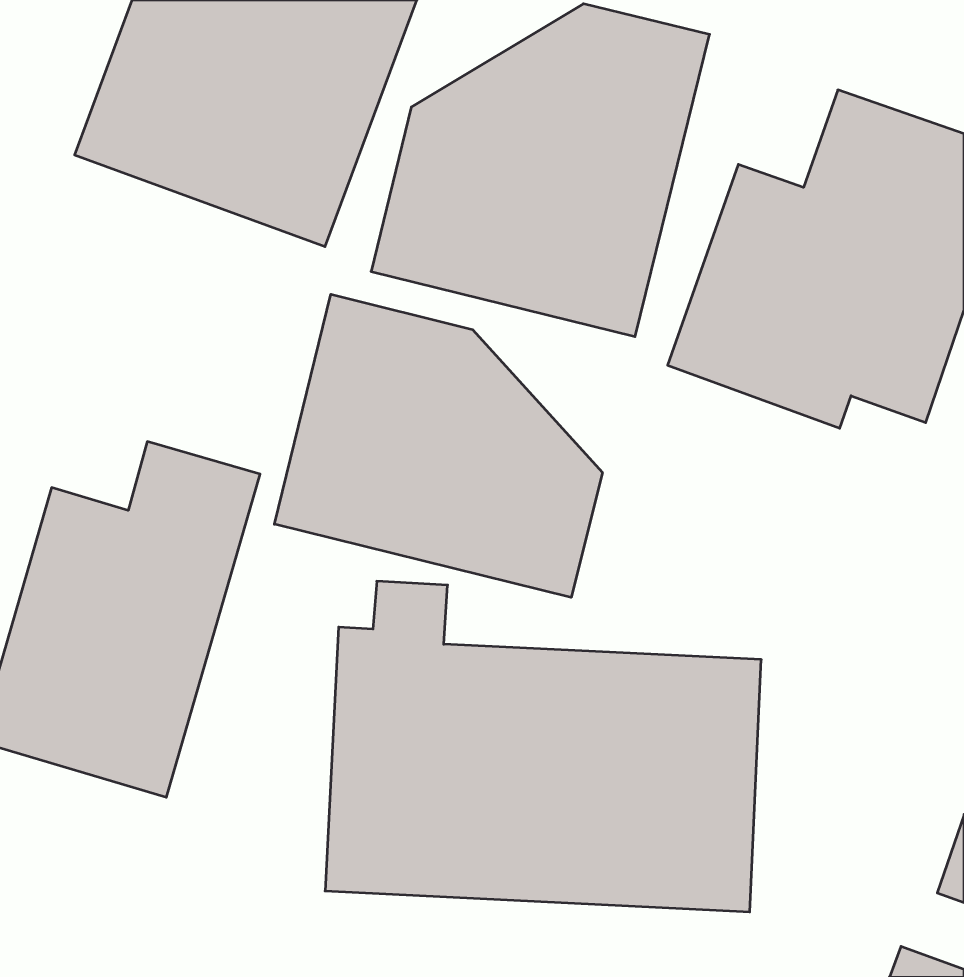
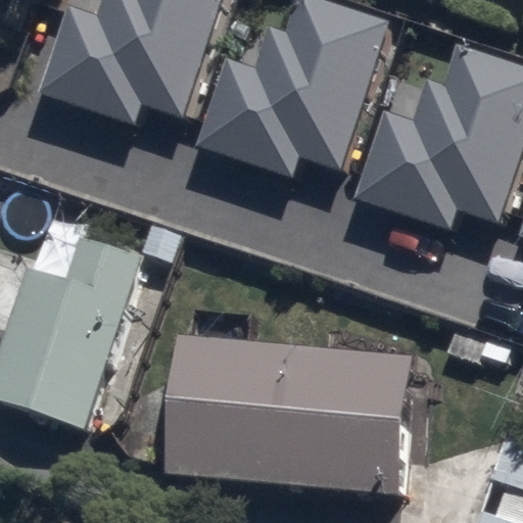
building: [274,294,602,597] -> none

